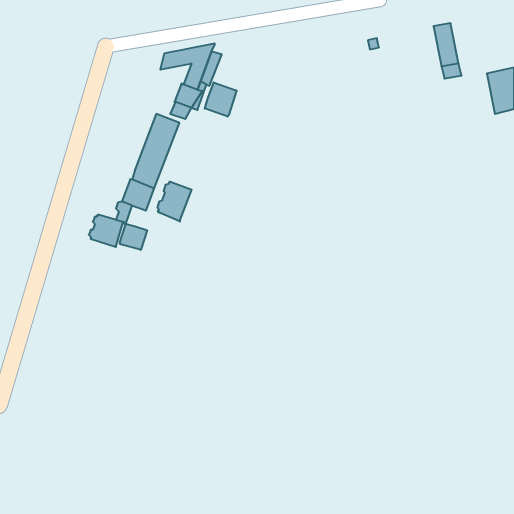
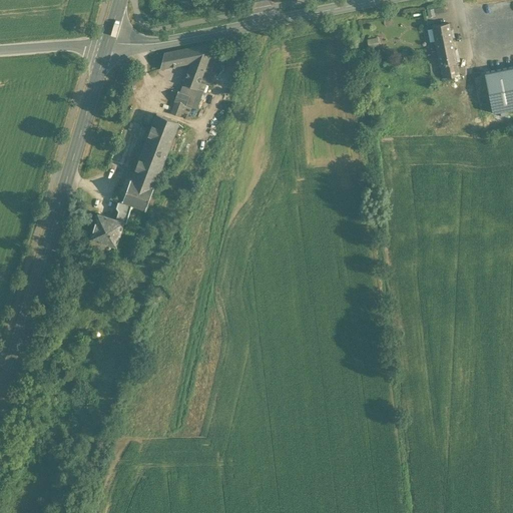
building: [205,82,237,117] -> none
building: [158,182,192,222] -> none
building: [120,224,147,250] -> none

